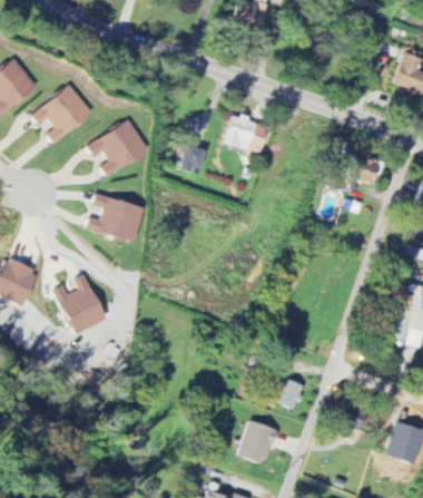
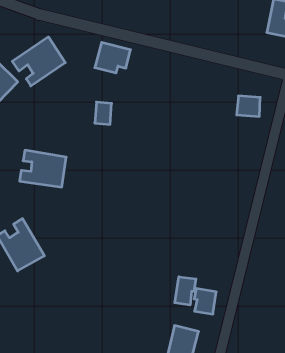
building: [223,111,267,149] -> [95,42,131,73]
building: [86,119,148,175] -> [12,37,65,86]
building: none -> [175,277,196,305]

